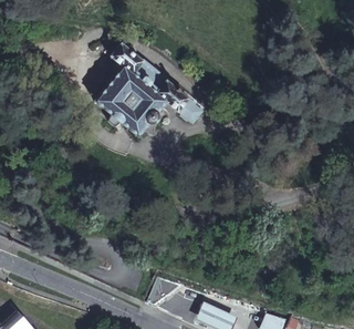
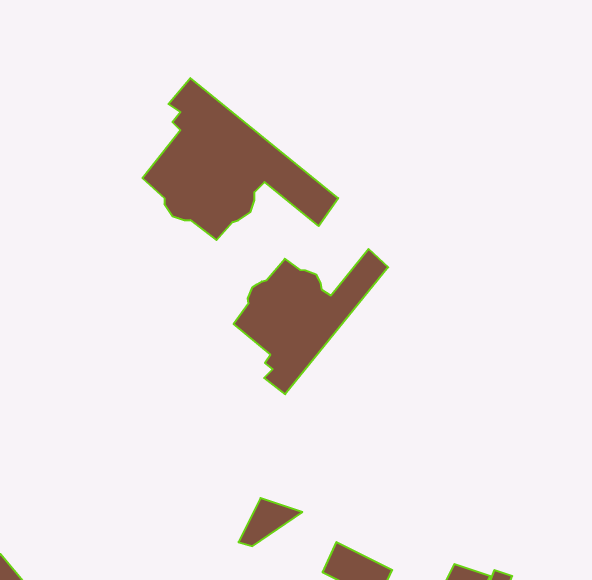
building: none -> [234,249,388,394]

